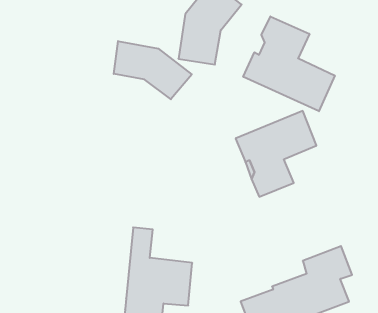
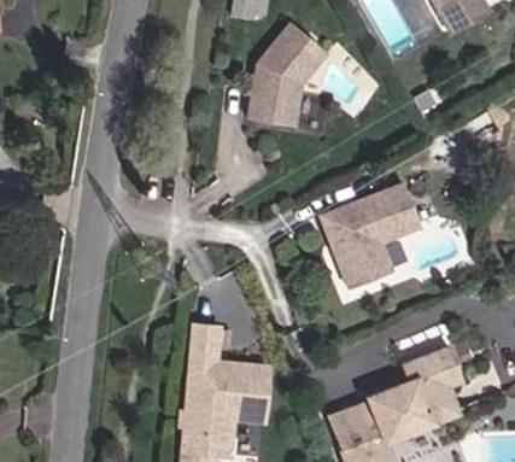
building: [243,16,335,111] -> none
building: [114,41,192,99] -> none

